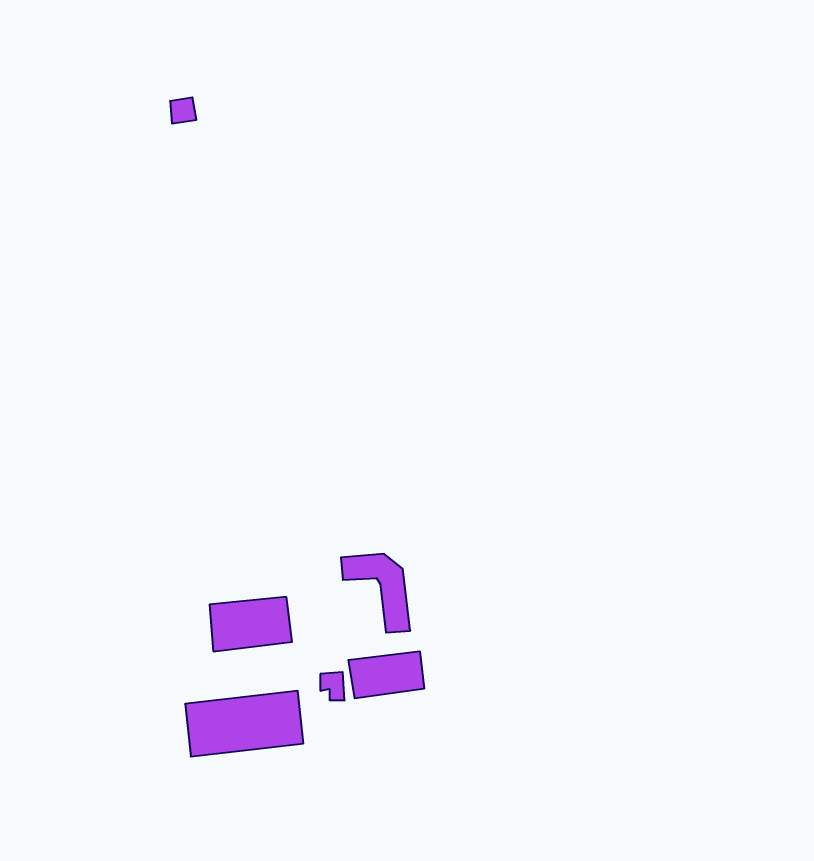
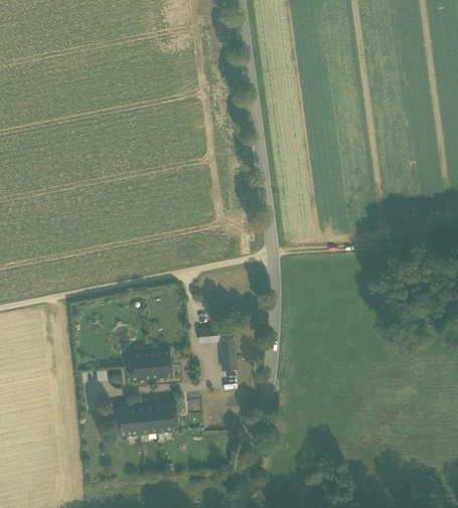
building: [348,651,424,698] -> none

